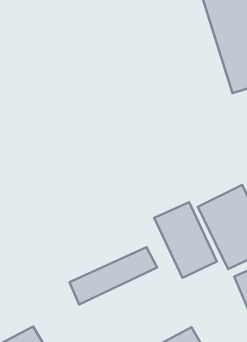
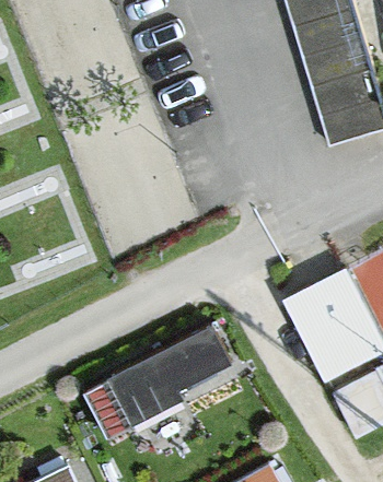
building: [154,202,217,278] -> none

